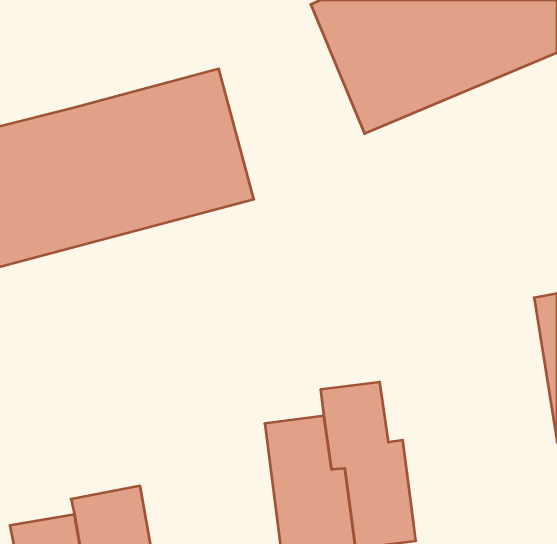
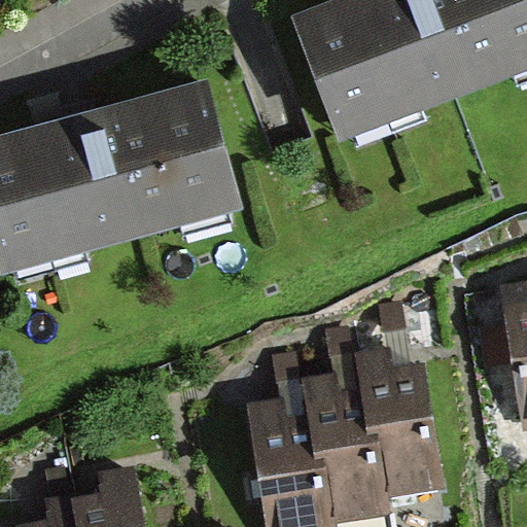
building: none -> [354,351,445,505]

